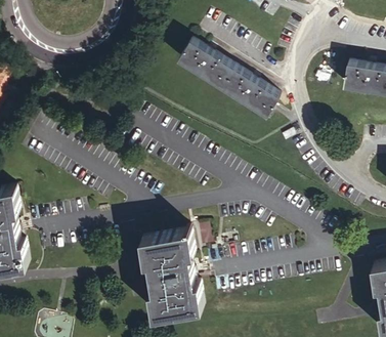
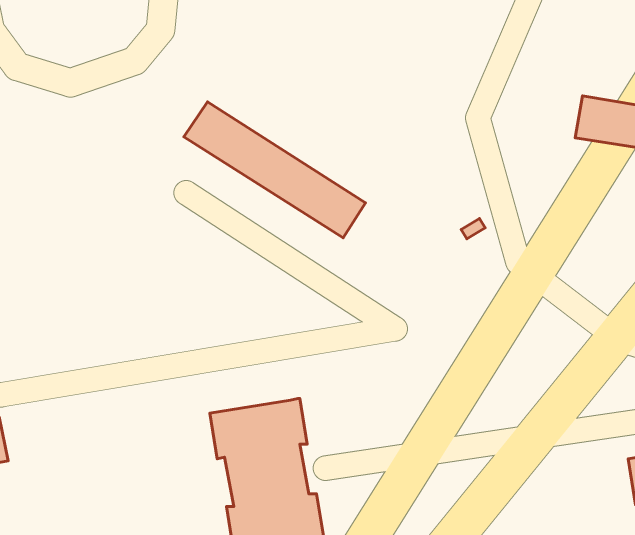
building: [177,37,278,113] -> [184,102,365,238]

